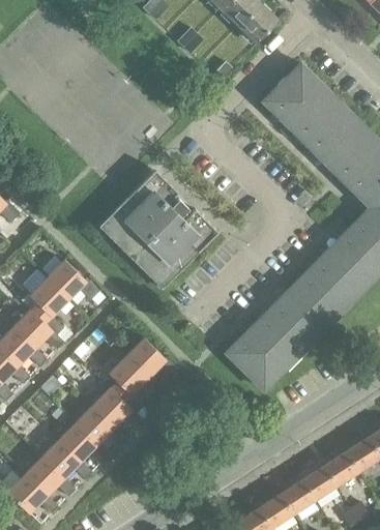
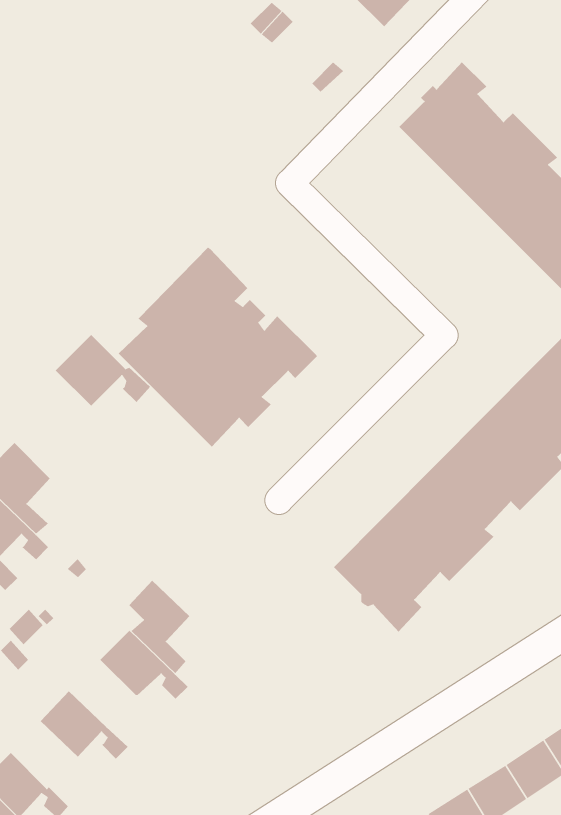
building: [43,260,98,301] -> [55,334,151,407]
building: [122,338,178,380] -> none
building: [75,405,125,444] -> none
building: [41,440,91,478] -> none

